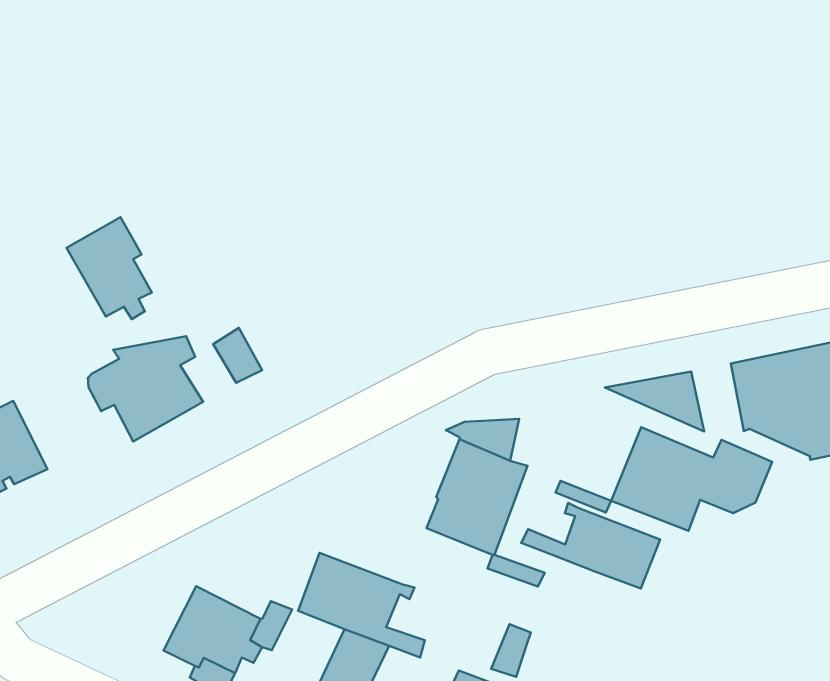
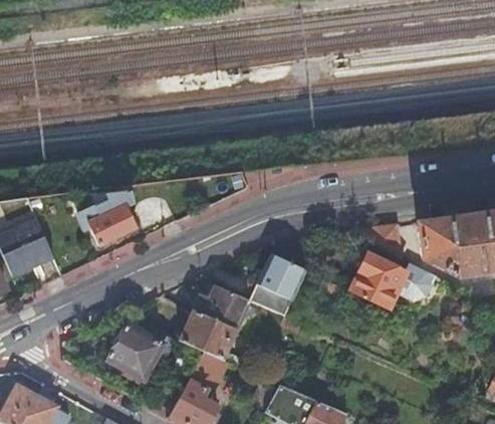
building: [67,217,152,319] -> none
building: [521,503,660,589] -> none
building: none -> [194,286,250,330]

